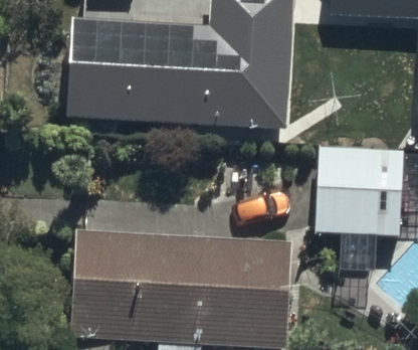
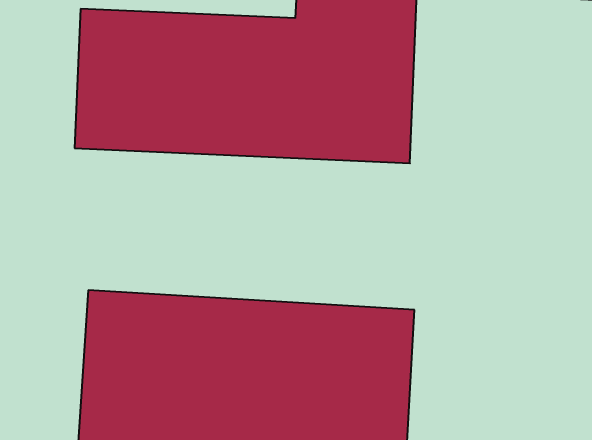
building: [315,147,404,238] -> none

